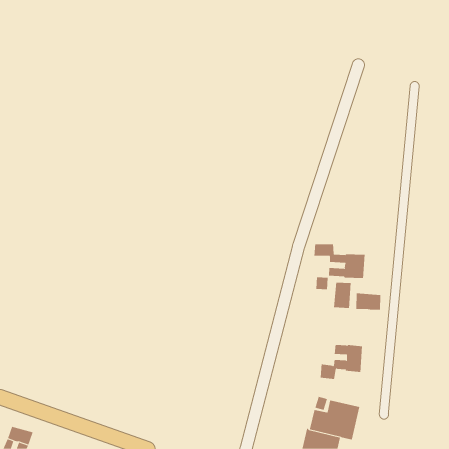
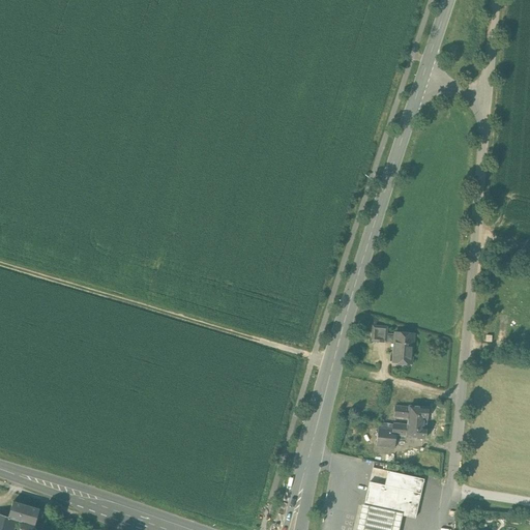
building: [314,243,365,279] -> none
building: [356,292,381,310] -> none

